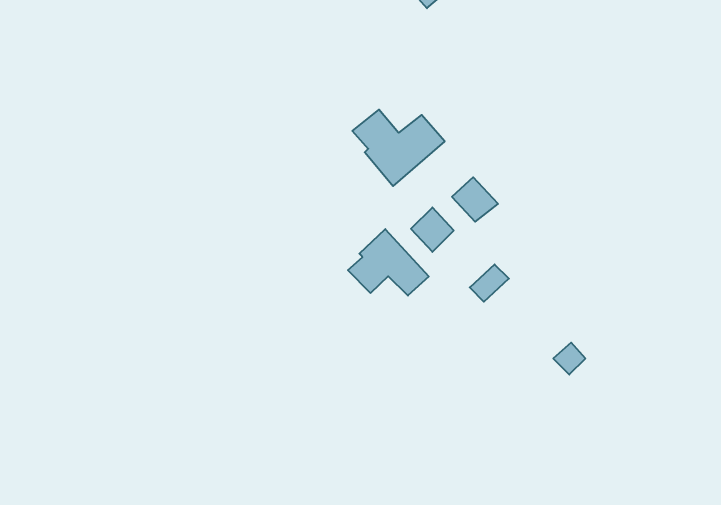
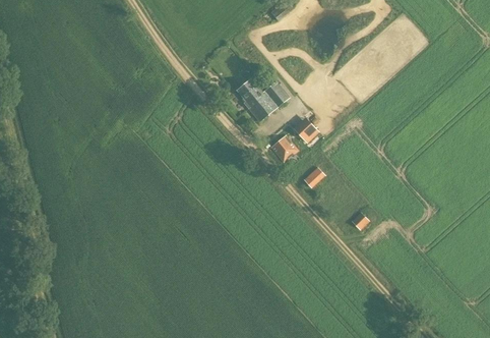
building: [348,229,429,296] -> none

